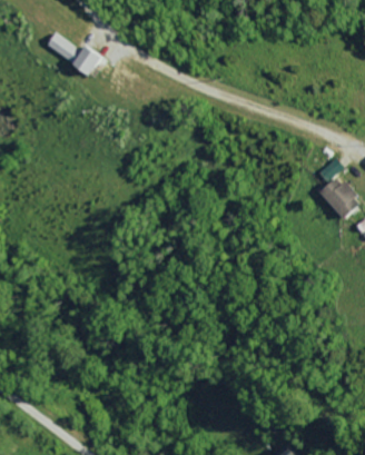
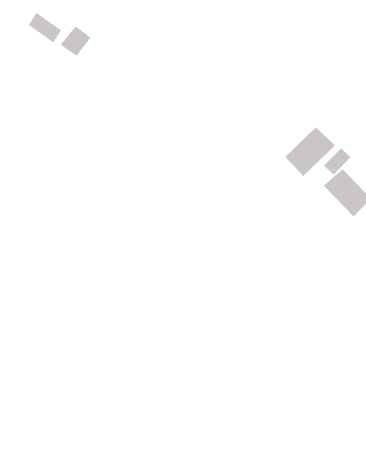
building: none -> [284,126,336,177]

